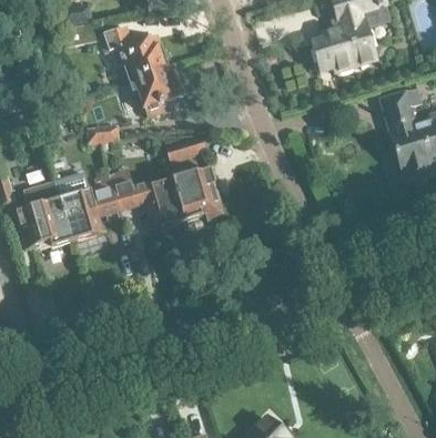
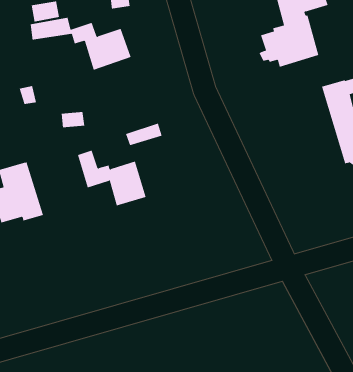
building: [126,63,183,114] -> none
building: [173,169,222,220] -> none
building: [53,171,120,238] -> none

